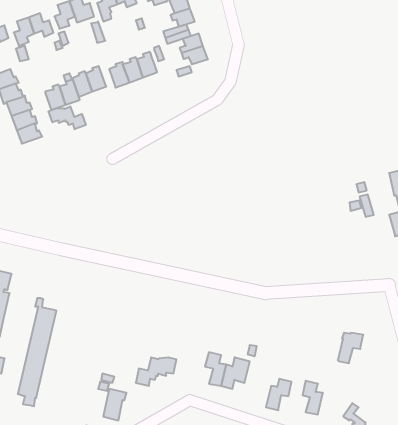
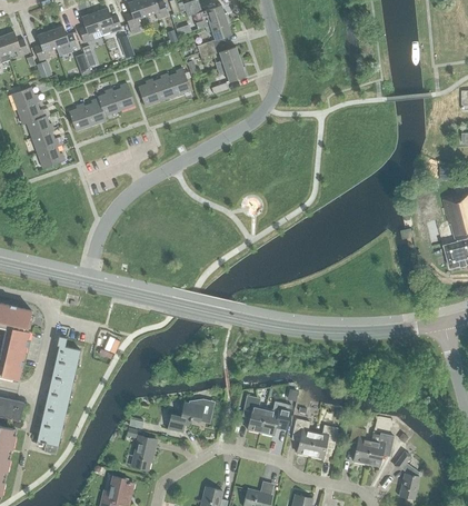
building: [49,106,86,129] -> none
building: [338,333,363,363] -> [366,434,394,467]
building: none -> [292,419,315,456]

